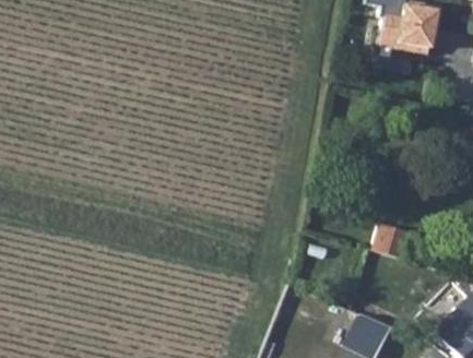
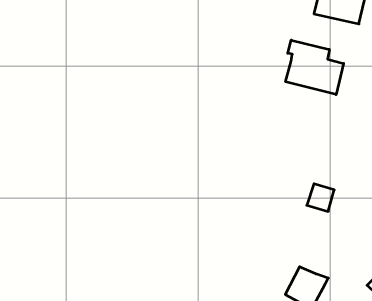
building: none -> [286,40,344,95]

